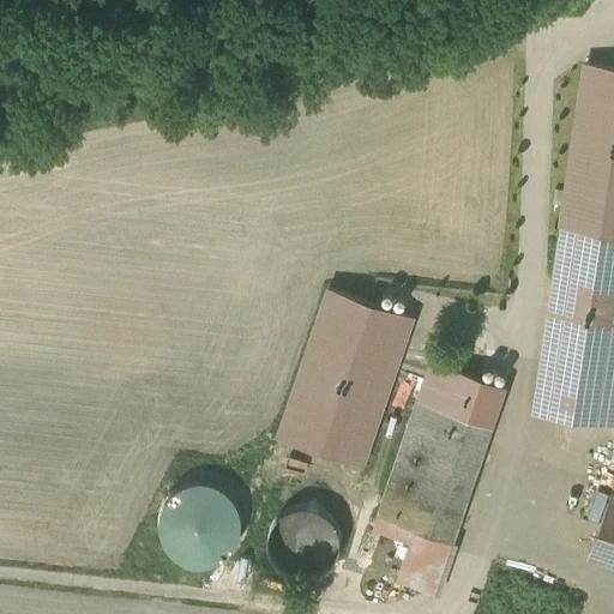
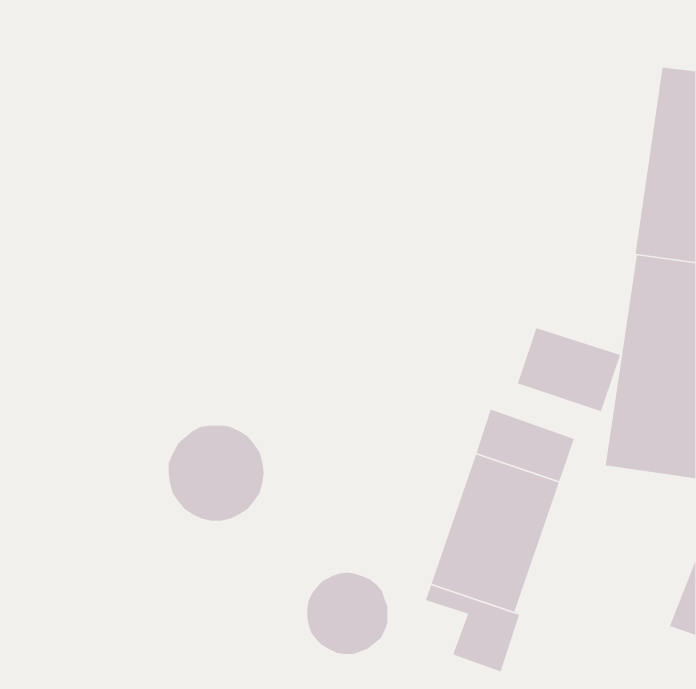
building: [283,293,410,465] -> none
building: none -> [517,327,621,412]
building: [157,483,242,568] -> [168,425,264,522]

